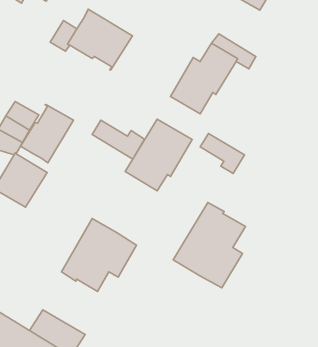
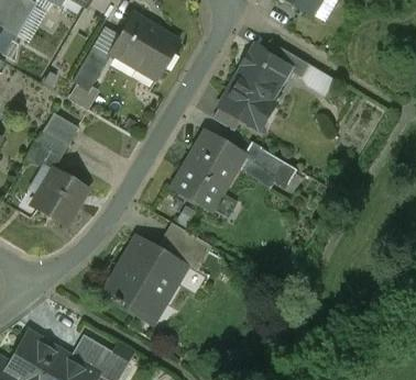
building: none -> [72,49,107,91]
building: [21,104,74,163] -> none
building: [92,120,145,159] -> none
building: [173,203,245,288] -> none
building: none -> [162,227,210,270]

